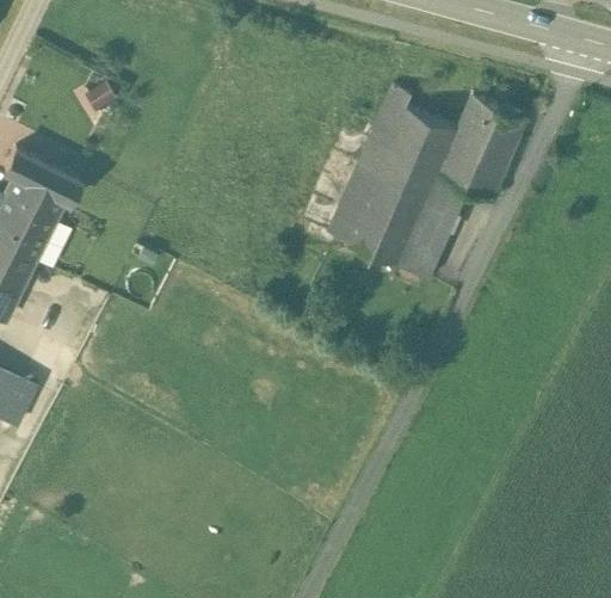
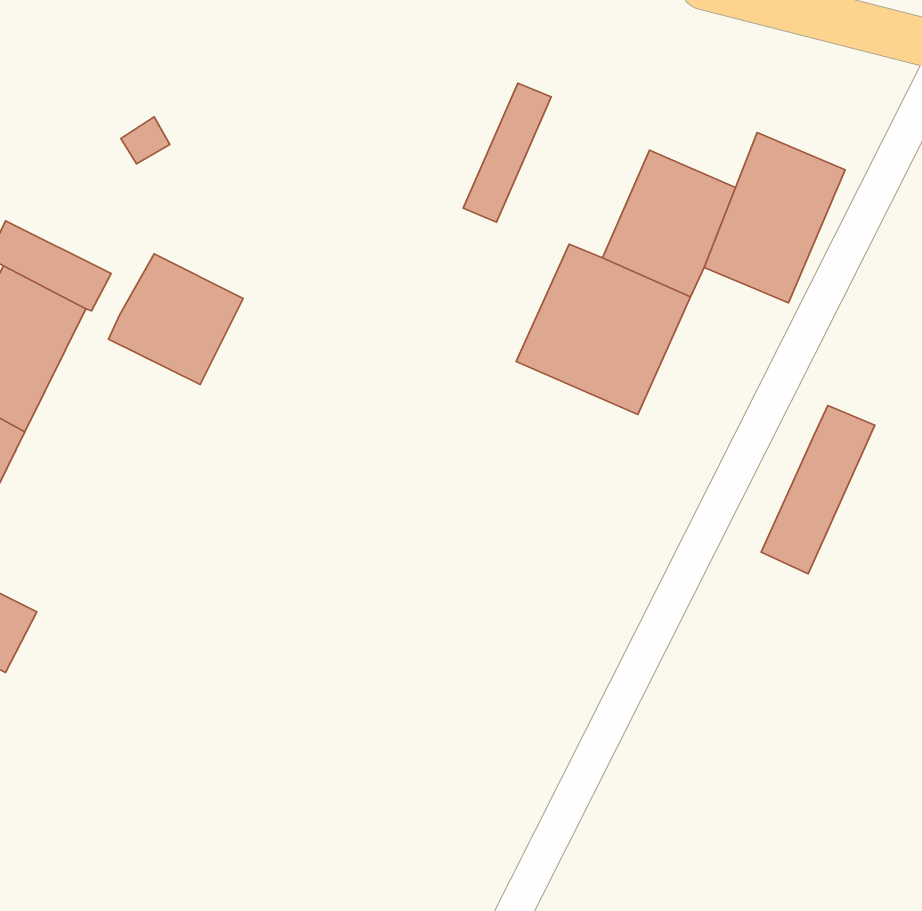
building: [358,86,412,171] -> [463,83,551,222]
building: none -> [108,254,243,384]
building: [400,177,469,279] -> [761,406,875,574]

